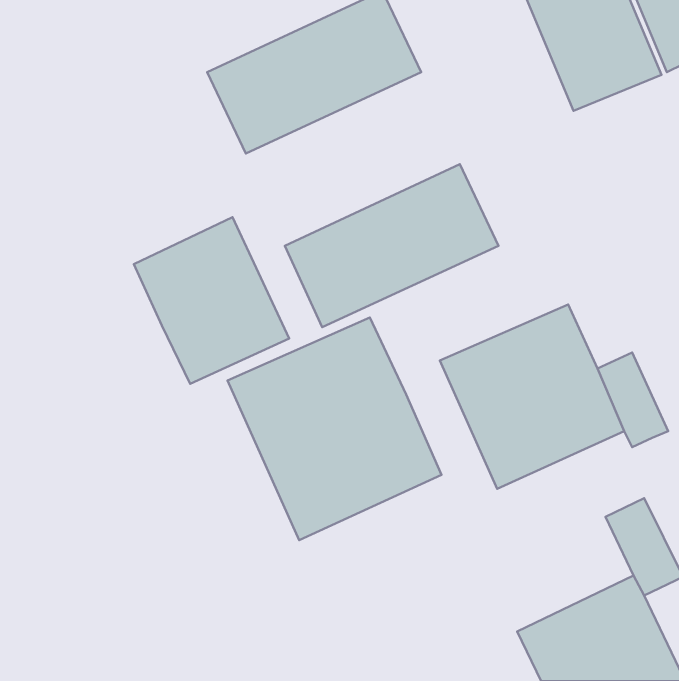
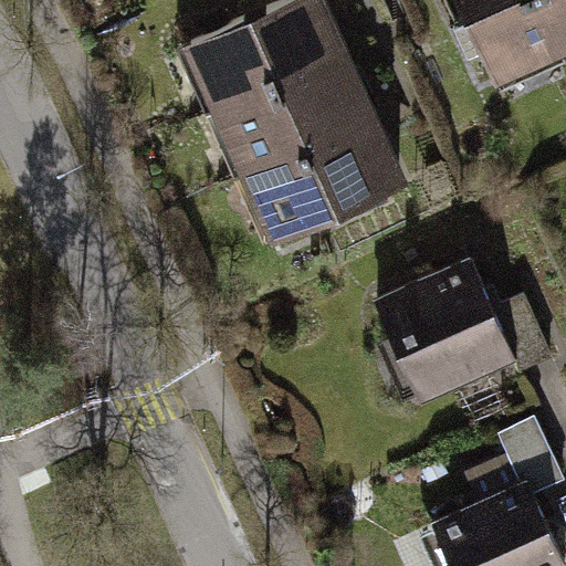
building: none -> [206,65,382,200]
building: [134,217,289,384] -> none
building: [228,317,441,540] -> none

